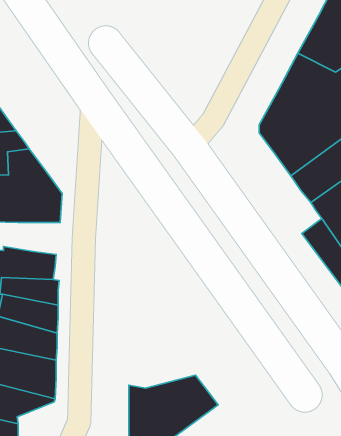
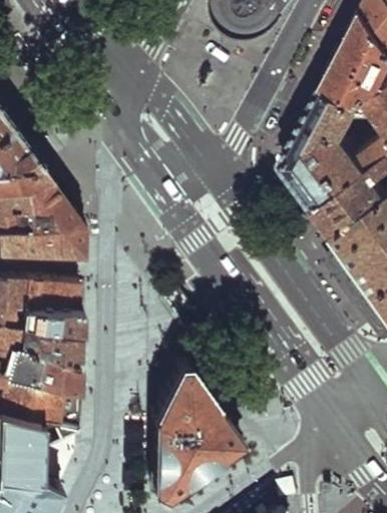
building: none -> [150,366,219,422]

